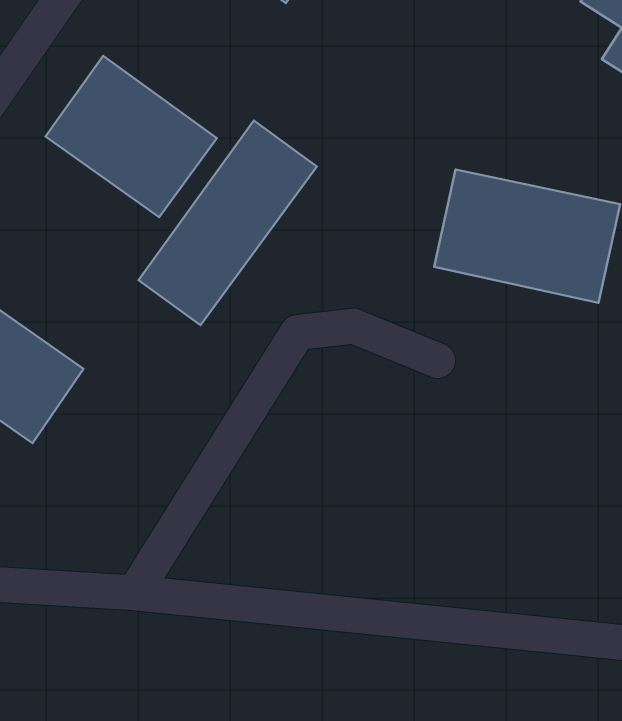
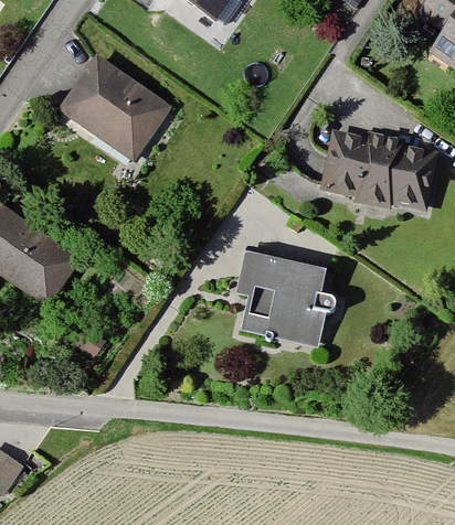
building: [138,121,317,325] -> none
building: none -> [235,246,331,349]

